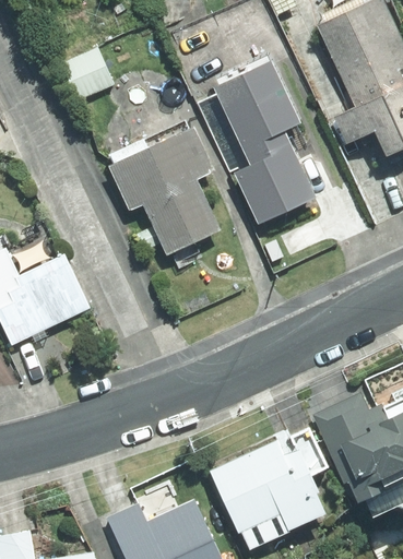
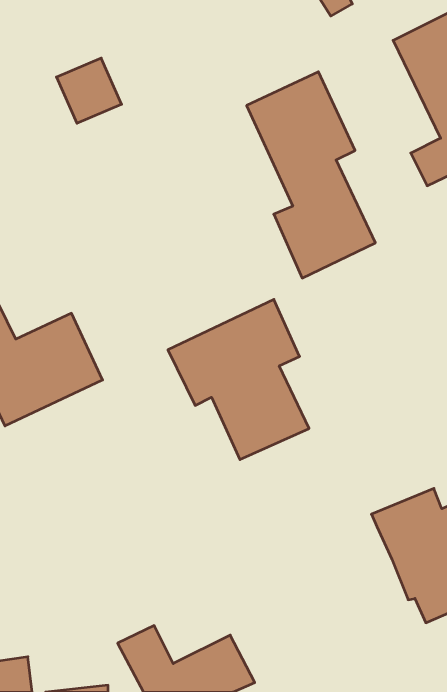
building: [106,126,220,254] -> [168,299,309,460]
building: [208,424,328,549] -> none

